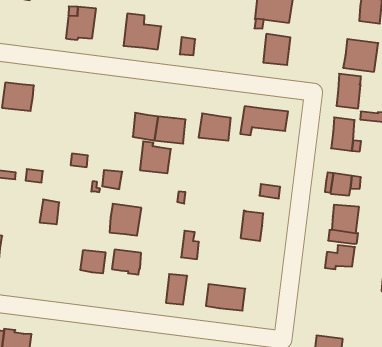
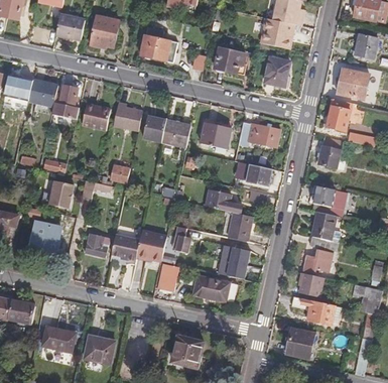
building: none -> [54,15,84,39]
building: none -> [214,48,247,75]
building: none -> [50,87,79,120]
building: none -> [81,103,108,129]
building: [140,141,171,173] -> [112,101,141,131]
building: none -> [246,164,270,185]
building: none -> [205,190,237,214]
building: [110,204,141,236] -> [137,230,167,260]
building: none -> [29,223,59,251]
building: none -> [220,245,251,278]
building: none -> [296,272,320,296]
building: none -> [289,296,333,326]

